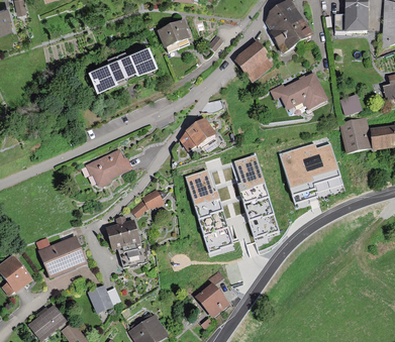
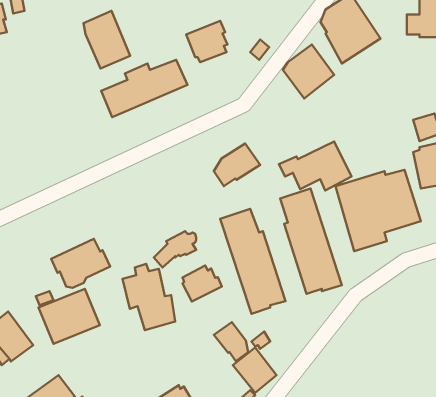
building: none -> [84,11,130,69]
building: [269,72,327,111] -> [279,142,352,190]
building: [85,148,132,188] -> [51,239,110,288]
building: none -> [182,265,222,301]
building: none -> [214,322,248,361]
building: [87,284,120,314] -> none

